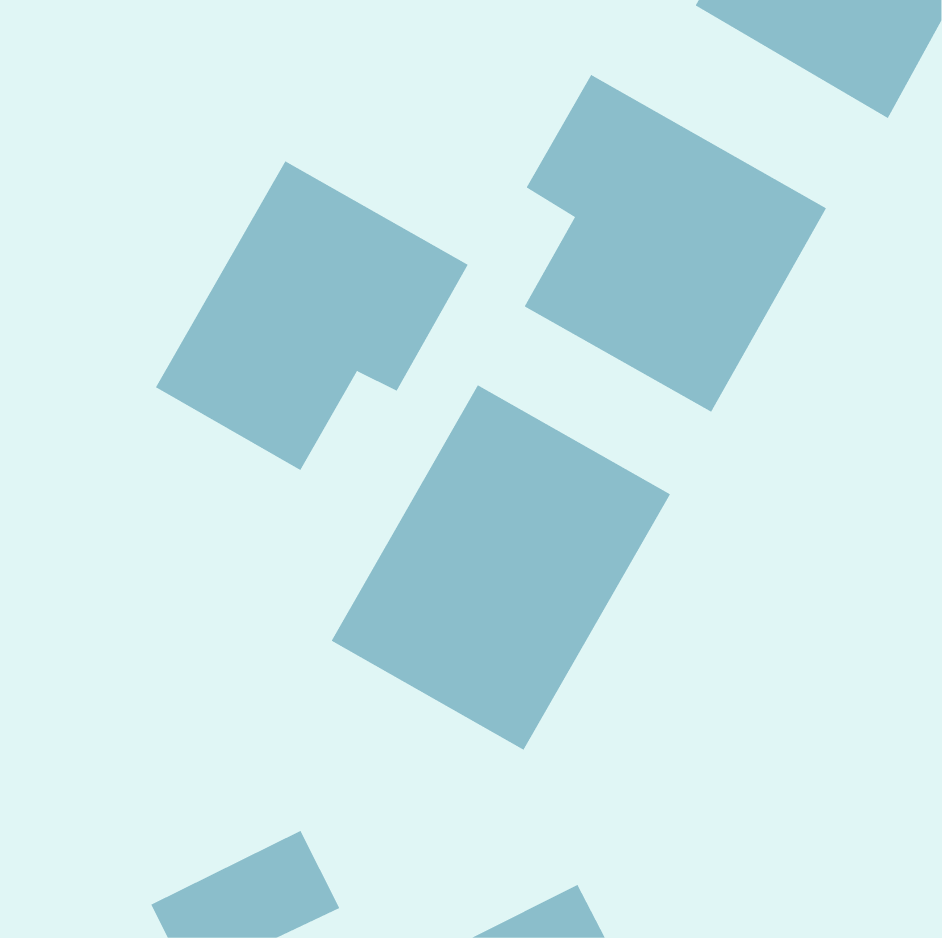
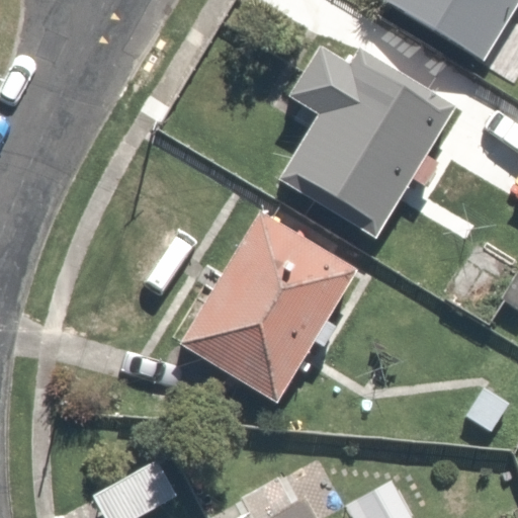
building: [155,160,469,471] -> none

